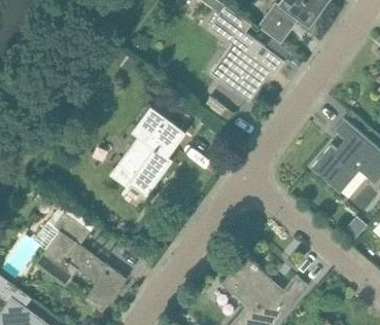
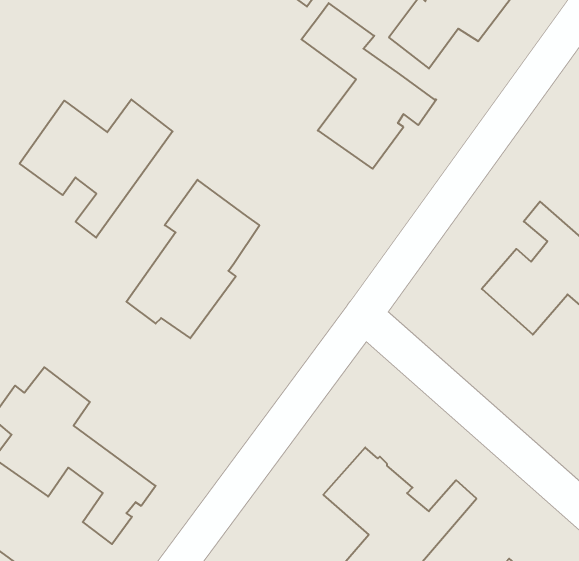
building: none -> [20,99,173,238]

